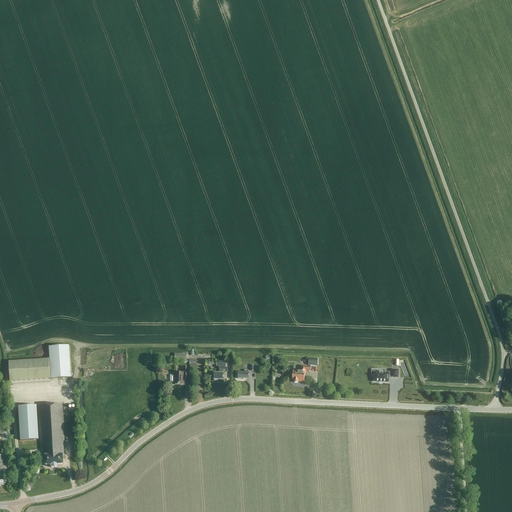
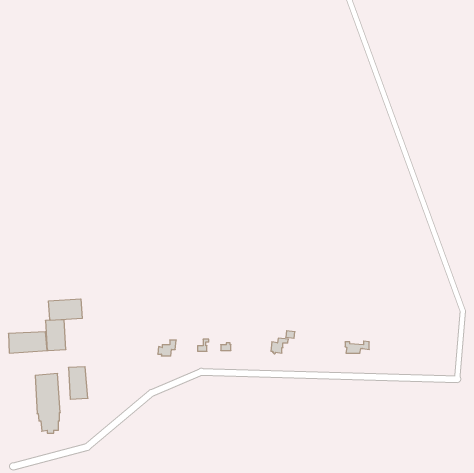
building: none -> [49,299,82,320]
building: [18,404,39,439] -> [68,367,88,399]

